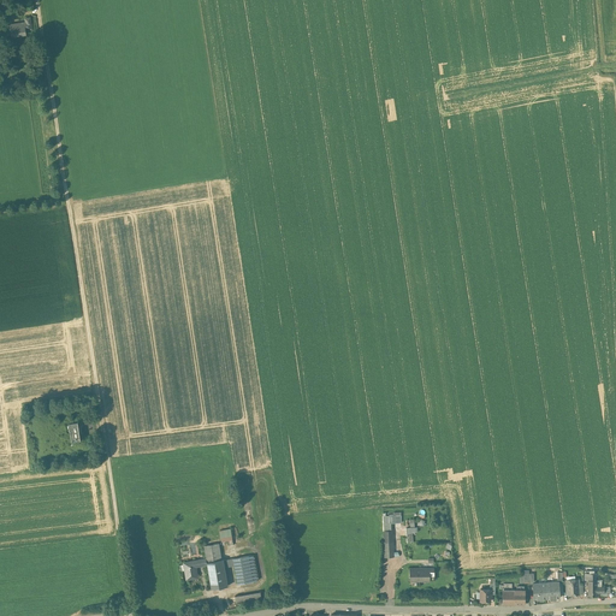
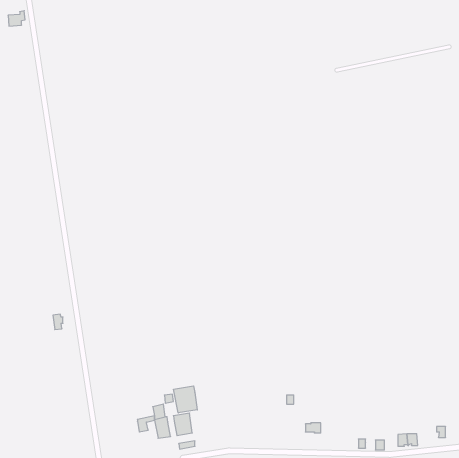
building: none -> [174,386,197,413]

